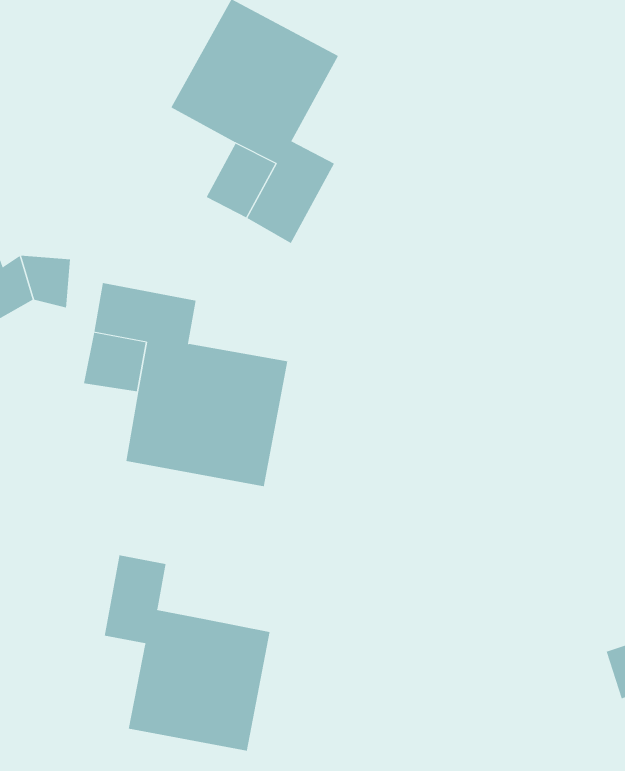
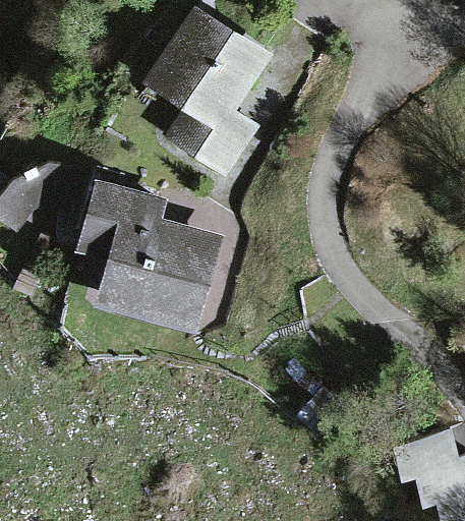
building: [104,554,270,751] -> none

